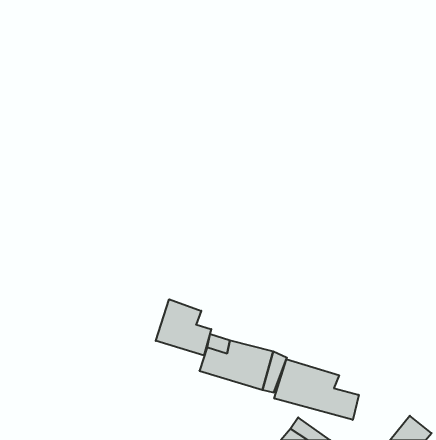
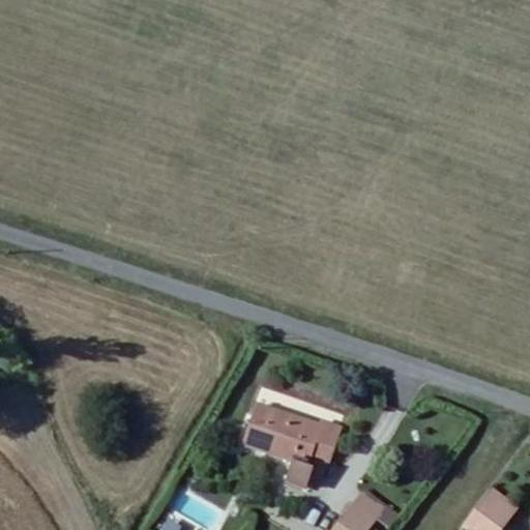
building: [156,299,211,355] -> none
building: [274,359,359,420] -> none

